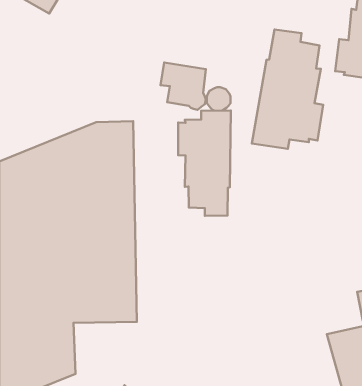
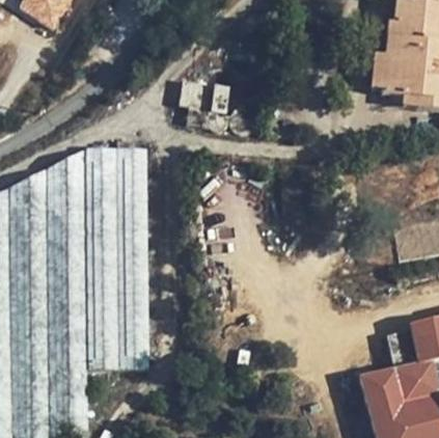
building: [252,29,323,149] -> none
building: [178,111,231,216] -> none

